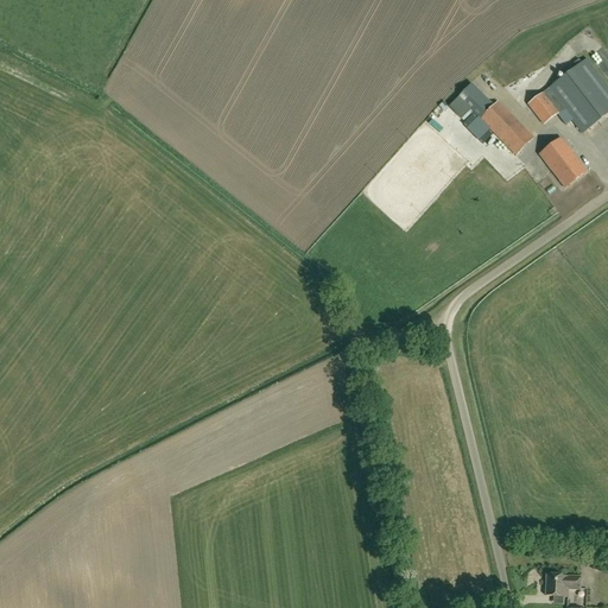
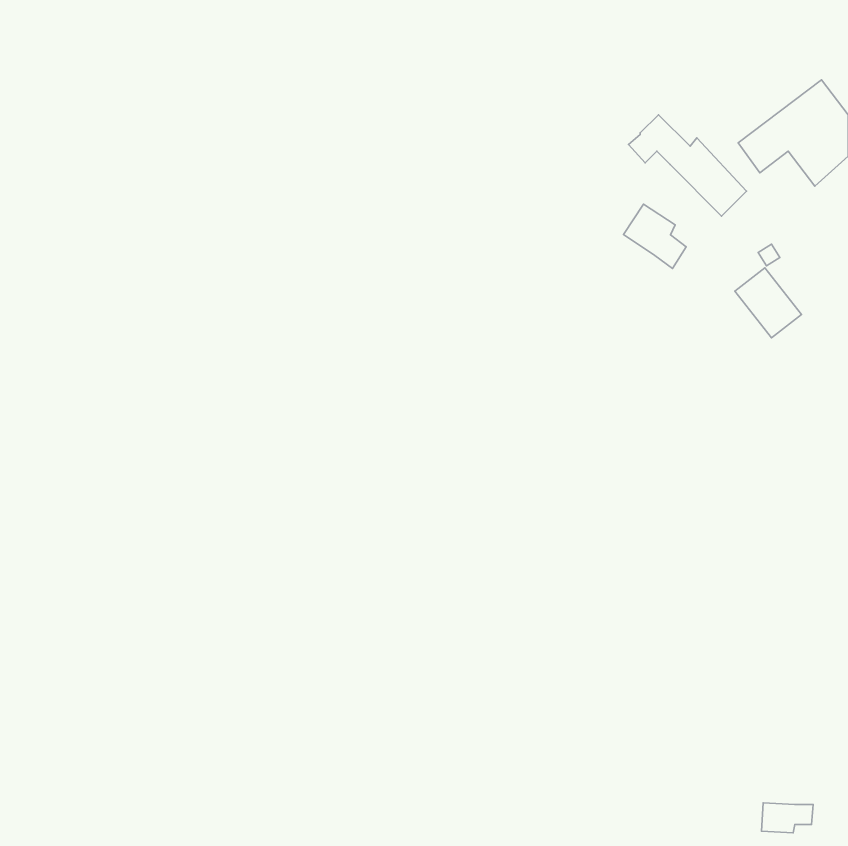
building: [538,137,585,186] -> [735,268,801,338]
building: none -> [623,204,686,269]

